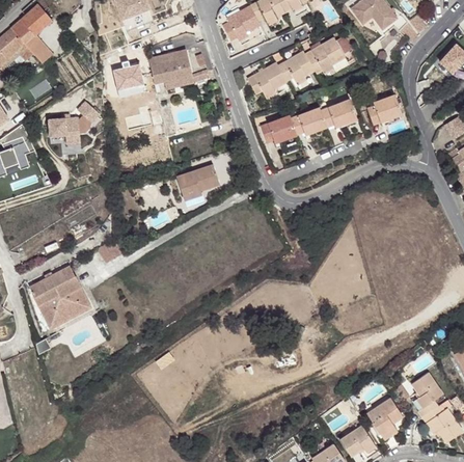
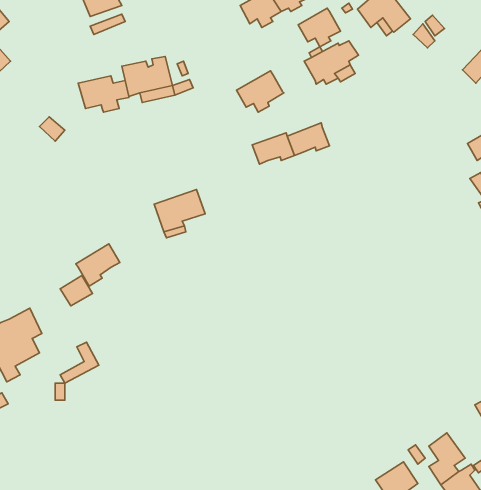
building: [223,6,261,40] -> none
building: [278,51,315,84] -> [298,8,341,47]
building: [367,94,402,125] -> none
building: [321,100,357,127] -> none
building: [49,117,80,143] -> none
building: none -> [76,244,120,286]
building: [57,288,90,323] -> [60,342,99,383]

